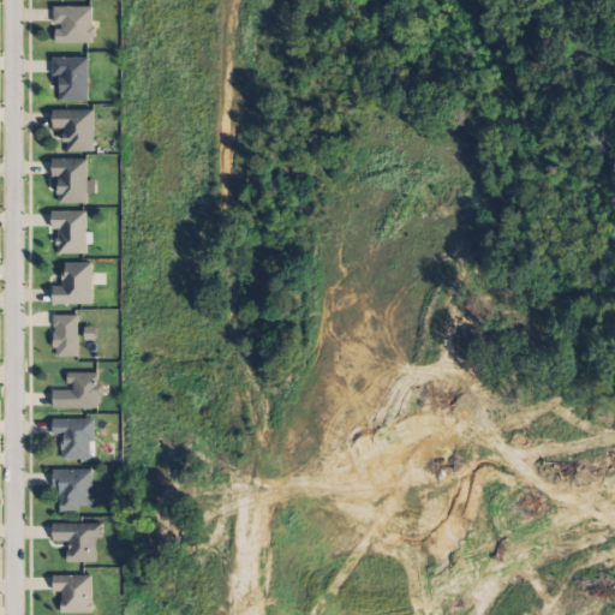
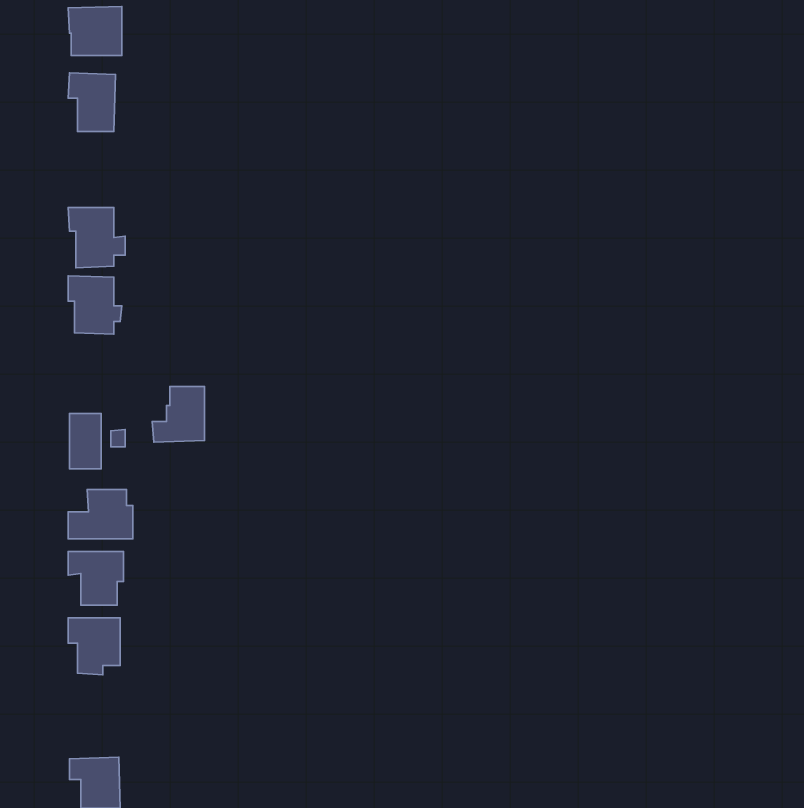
building: [52,108,92,151] -> none
building: [52,262,91,304] -> [152,387,205,442]
building: [53,523,100,562] -> none

